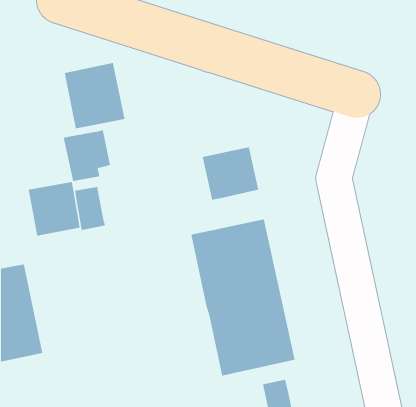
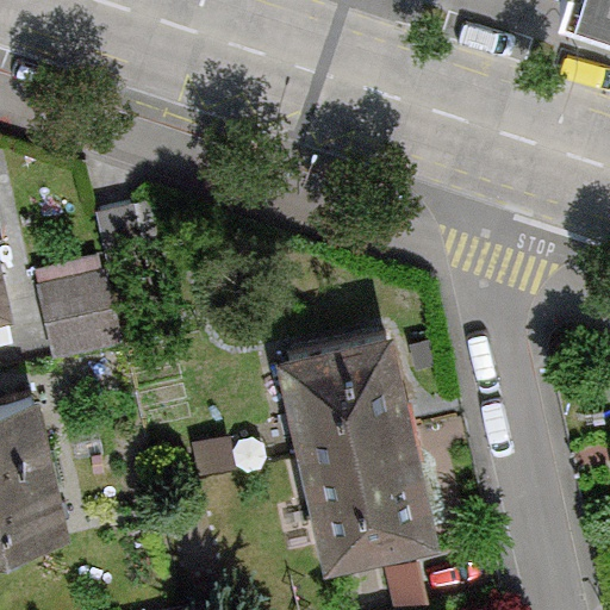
building: [64,62,125,129] -> none
building: [202,147,259,201] -> none

